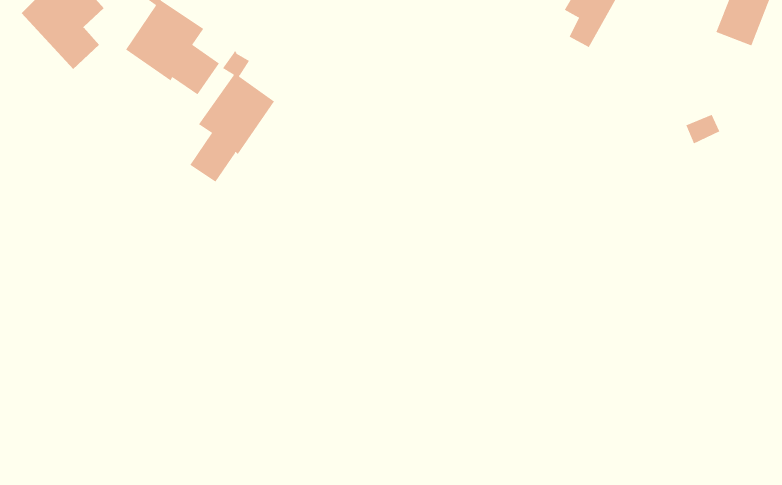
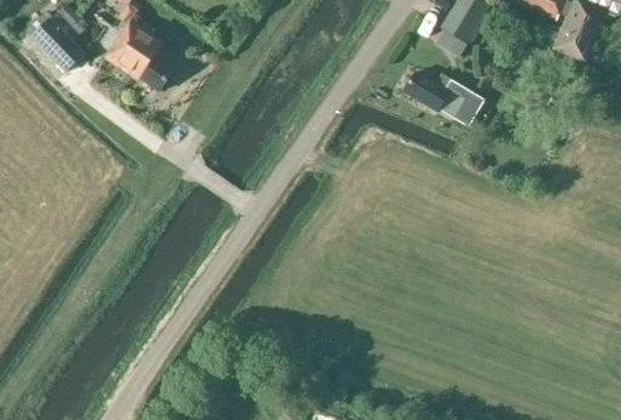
building: [190,50,275,182] -> none
building: none -> [405,70,485,125]

